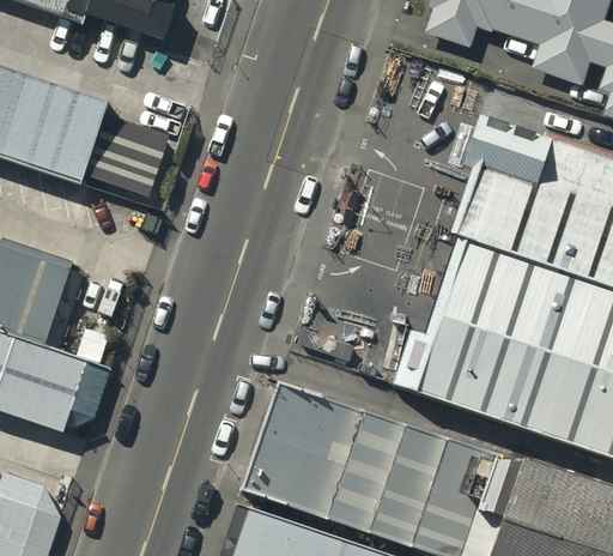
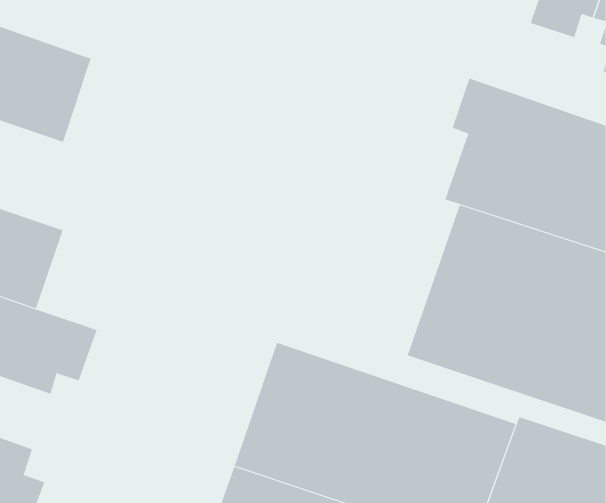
building: [83,117,168,195] -> none

